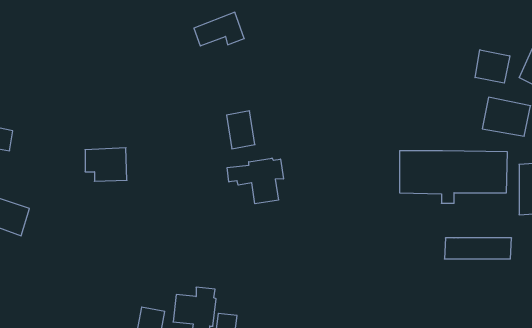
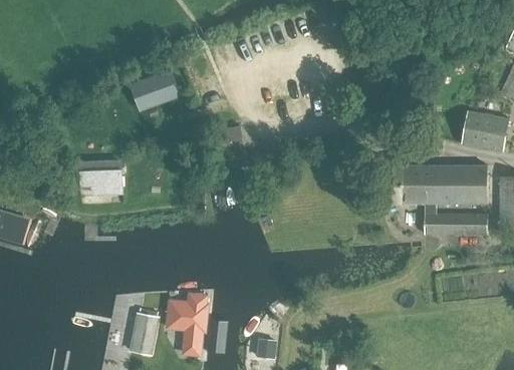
building: [194,12,244,46] -> [132,71,180,103]
building: [475,50,510,83] -> none
building: [227,158,283,204] -> none
building: [444,238,512,259] -> [423,215,487,235]

